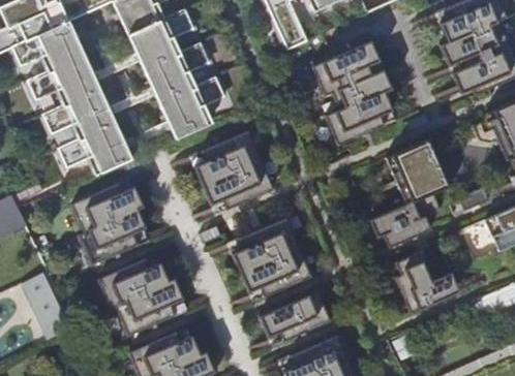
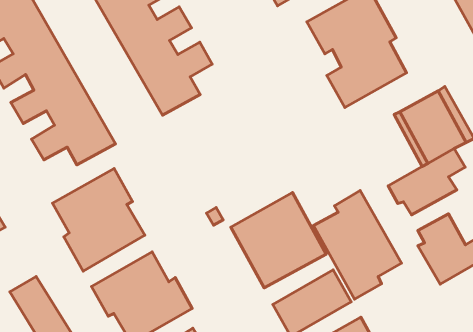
building: [190,130,273,213] -> none
building: none -> [313,191,402,299]

